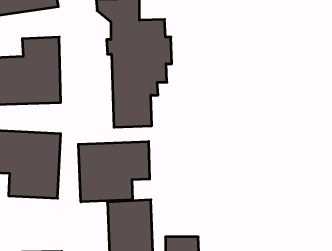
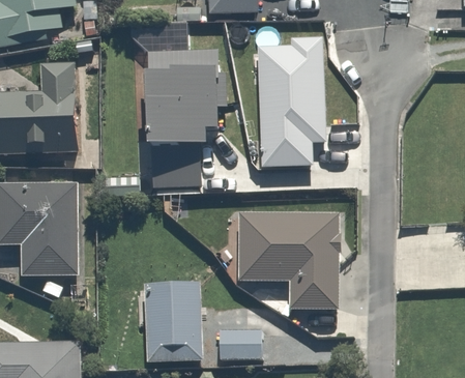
building: none -> [256,36,324,165]
building: [78,141,150,202] -> none
building: none -> [236,210,340,308]

